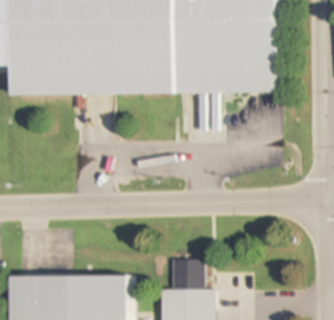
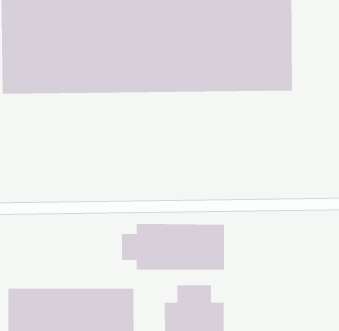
building: none -> [121,223,225,270]

